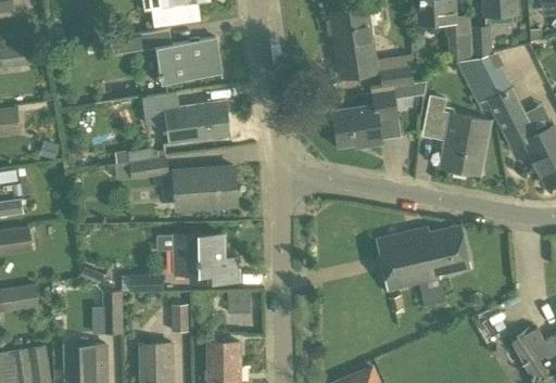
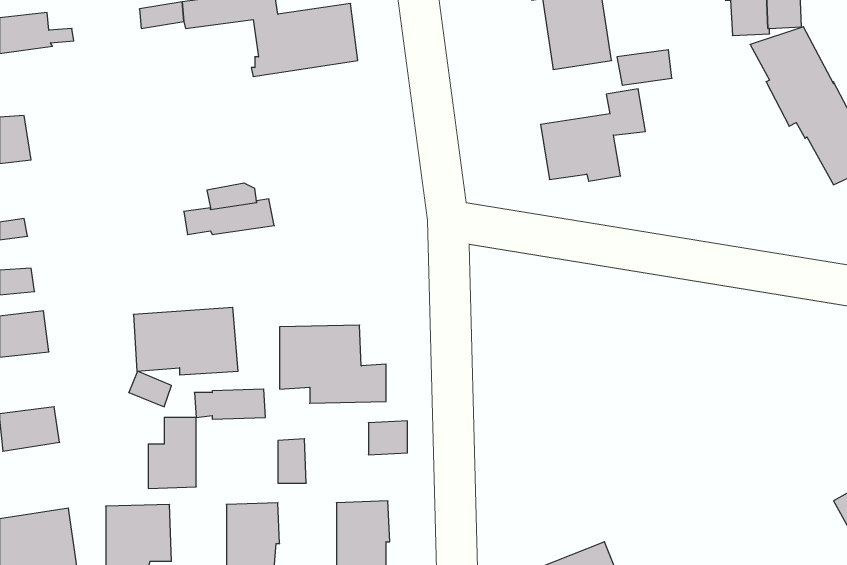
building: [142,93,228,143] -> none
building: [424,95,490,176] -> none
building: [173,166,237,207] -> [133,307,238,375]
building: [376,224,470,290] -> none

